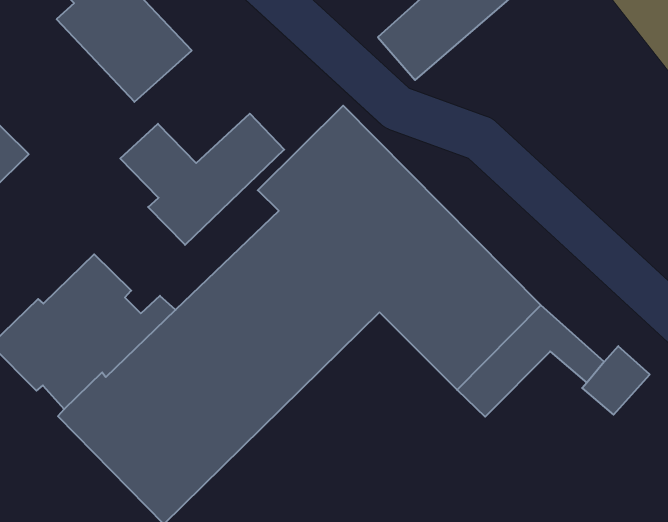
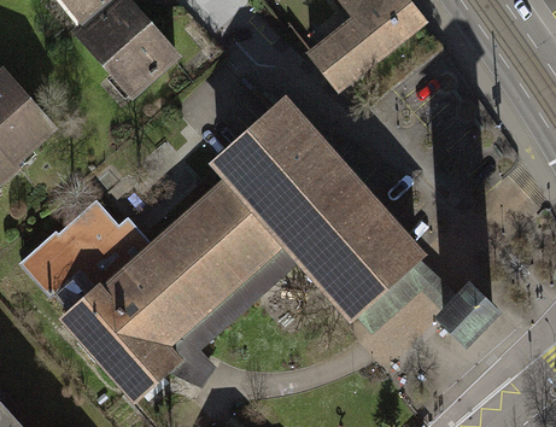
building: [120,114,284,245] -> none

